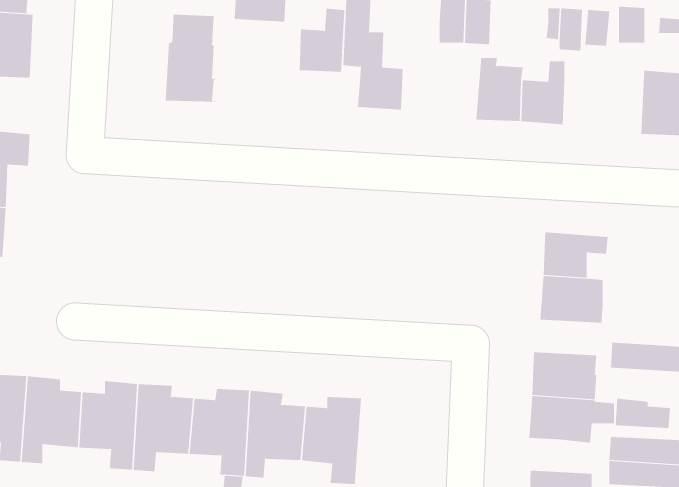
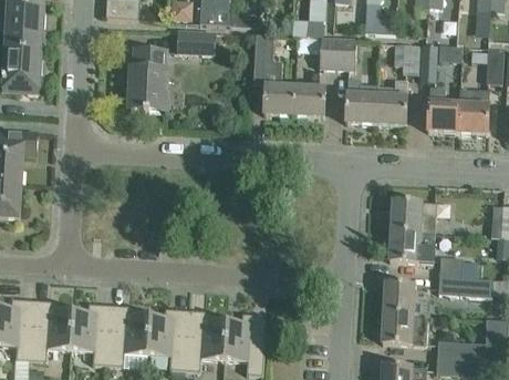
building: [299,8,345,72] -> [294,71,326,115]
building: none -> [427,85,461,131]
building: [615,398,671,429] -> [439,256,478,277]

